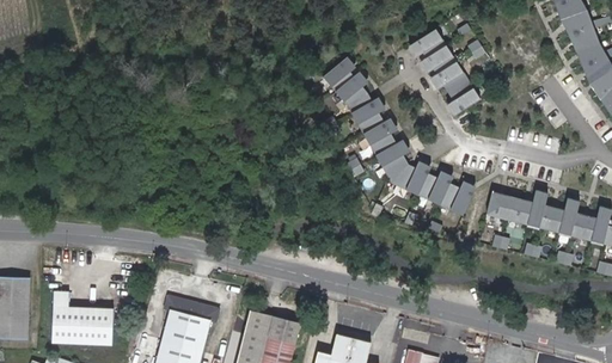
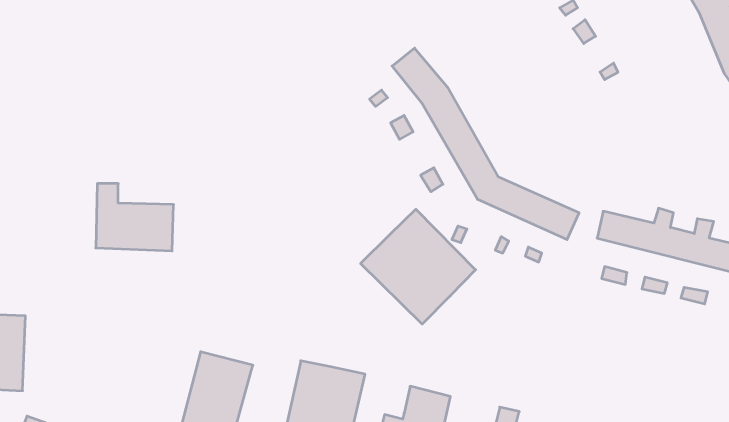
building: [415,30,479,112] -> none
building: none -> [361,209,476,324]
building: [53,290,115,344] -> [96,184,174,251]

